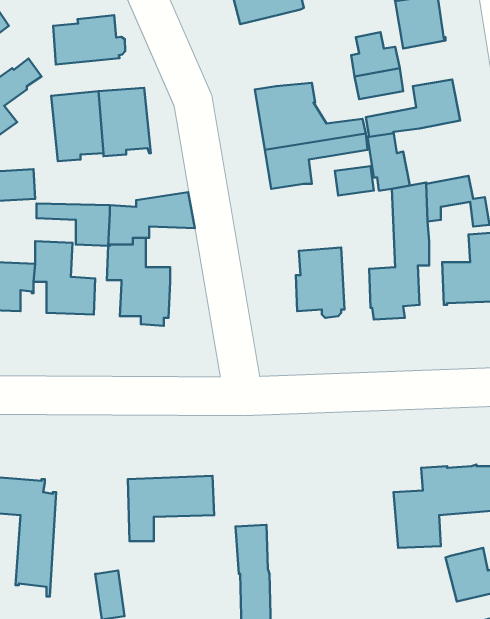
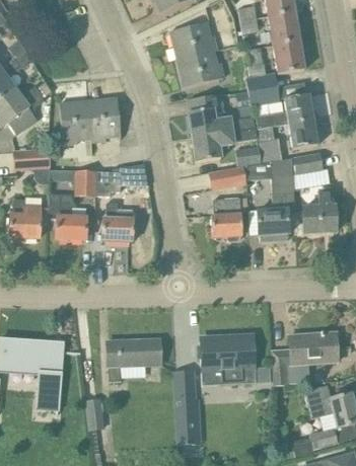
building: none -> [176,50,223,87]
building: [53,15,125,64] -> none
building: none -> [288,119,317,149]
building: none -> [208,166,246,189]
building: none -> [200,334,255,384]

